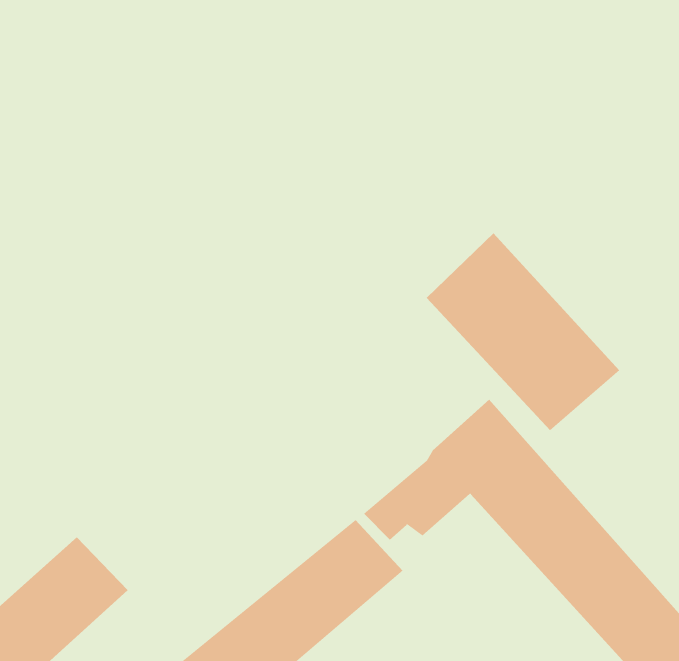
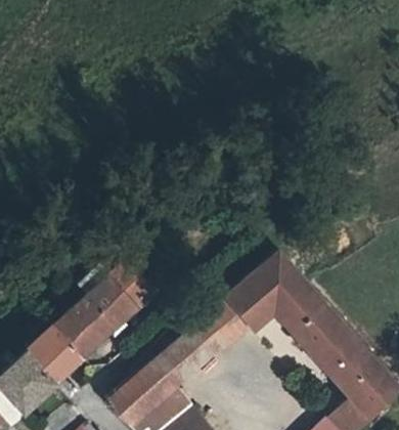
building: [426,232,620,431] -> none
building: none -> [54,265,151,357]

